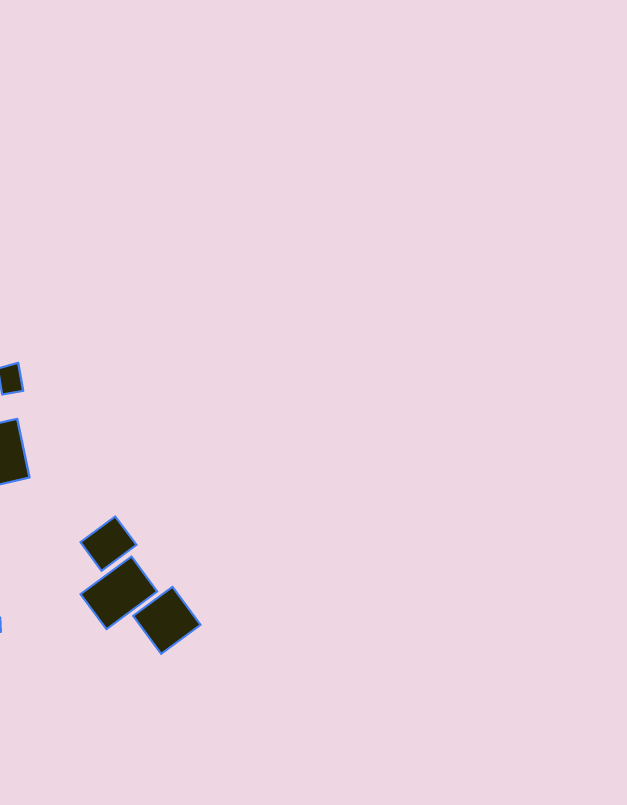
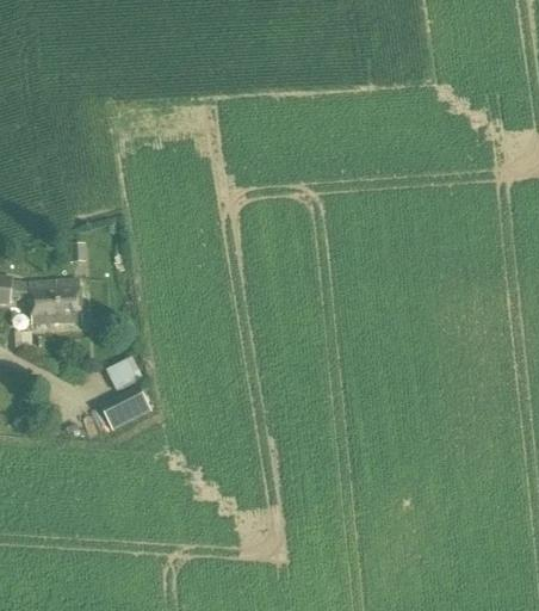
building: [133,587,201,654] -> none

